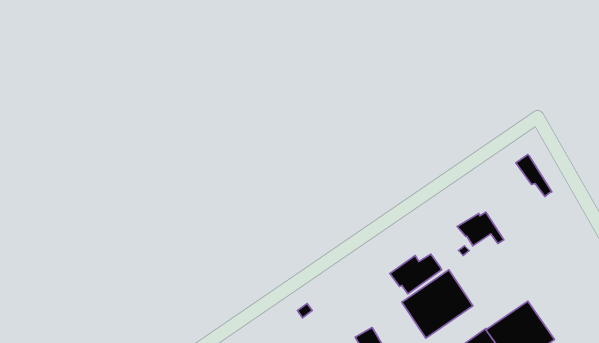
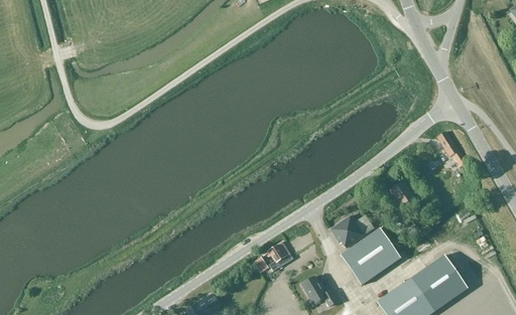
building: none -> [268,243,293,272]

